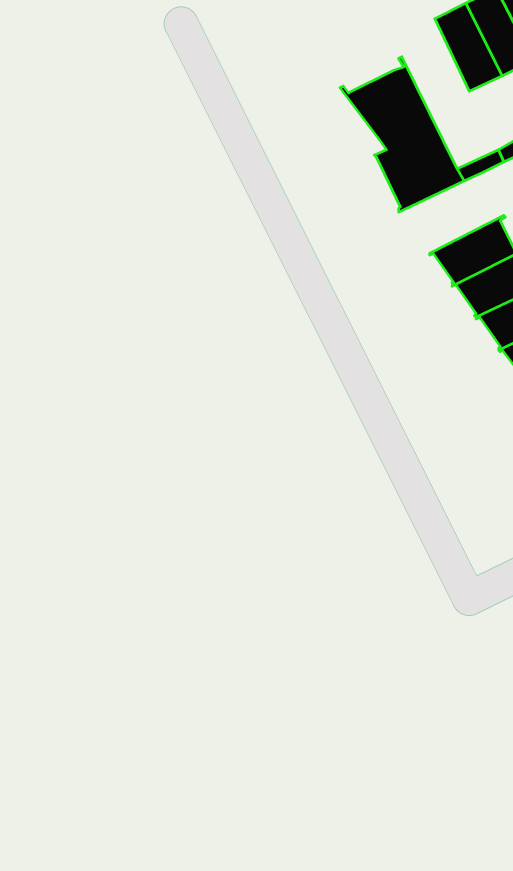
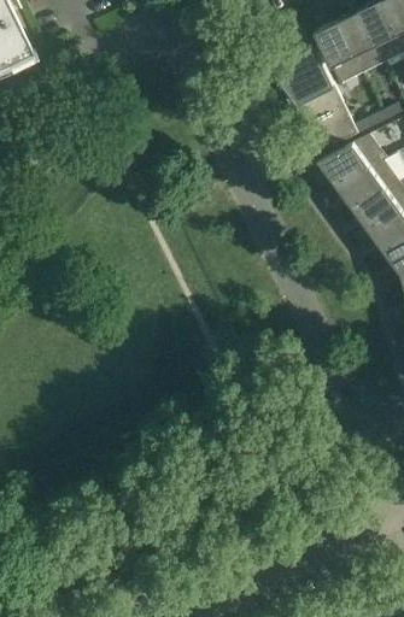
building: none -> [314,20,362,87]
building: none -> [316,135,386,184]

